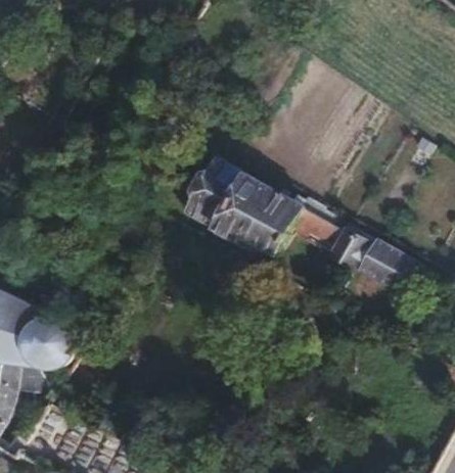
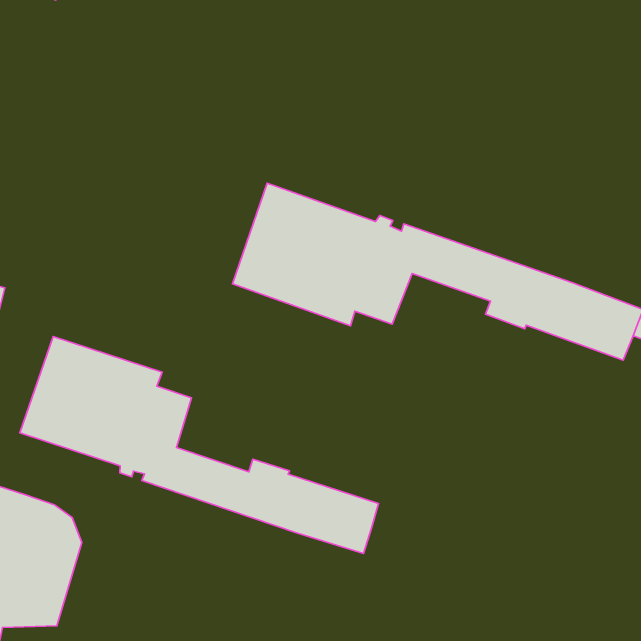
building: none -> [20,336,378,554]

